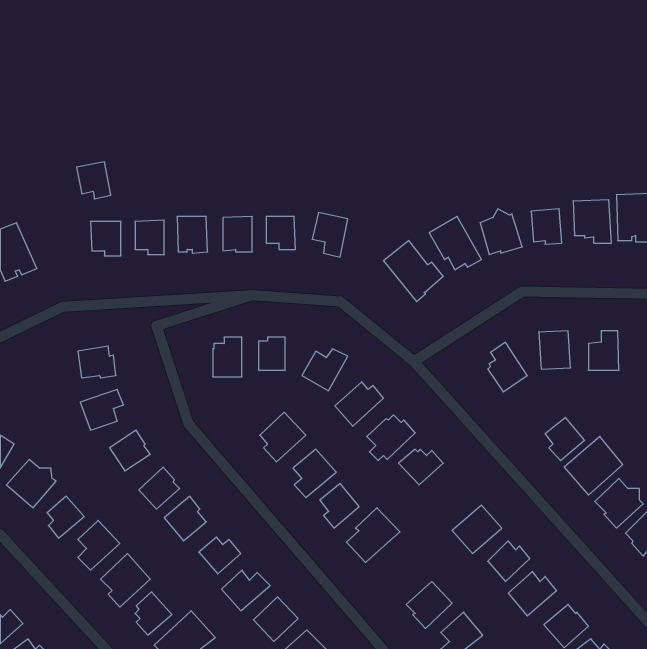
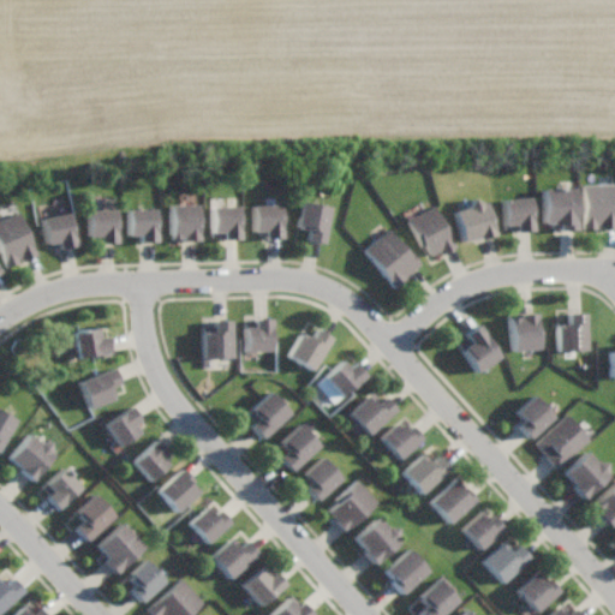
building: [77,162,111,199] -> [43,214,76,249]
building: none -> [404,455,449,492]
building: none -> [356,518,400,565]

